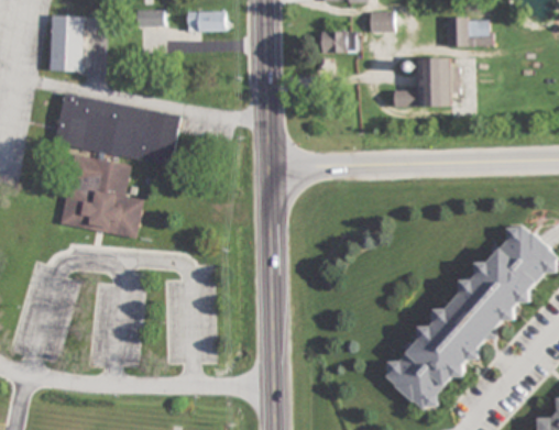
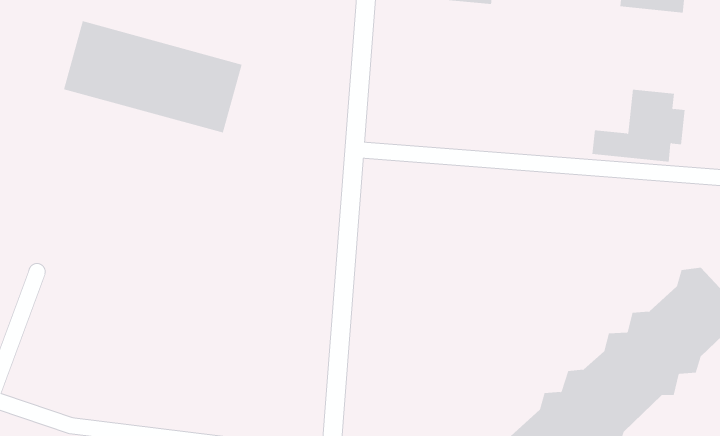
building: [393,57,457,107] -> [592,89,685,162]
building: [61,154,142,236] -> none

